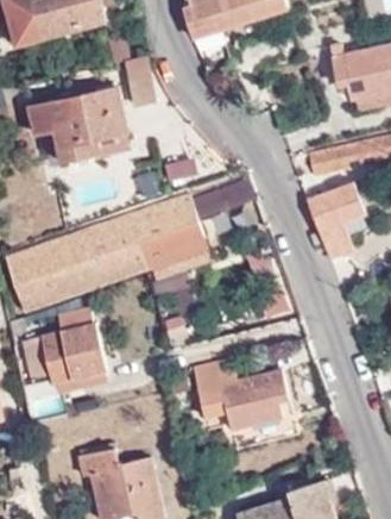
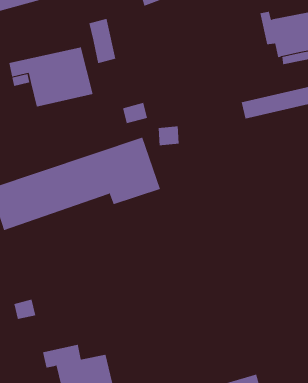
building: [305,182,364,257] -> none
building: [24,305,106,381] -> none
building: [191,359,288,430] -> none

